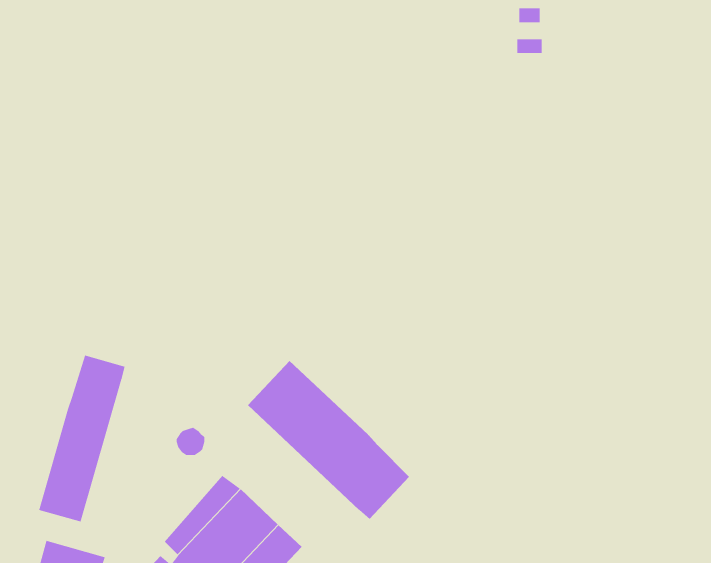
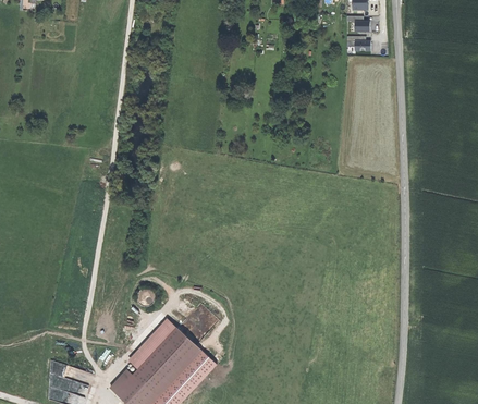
building: [38,355,126,523] -> none
building: [247,360,410,520] -> none

